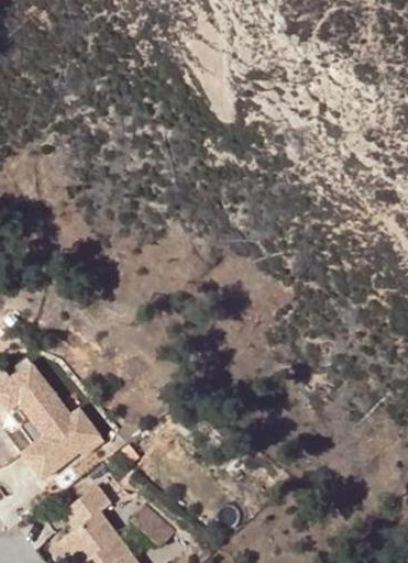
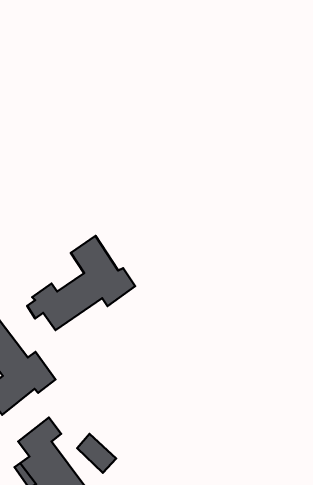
building: none -> [27,236,135,330]

